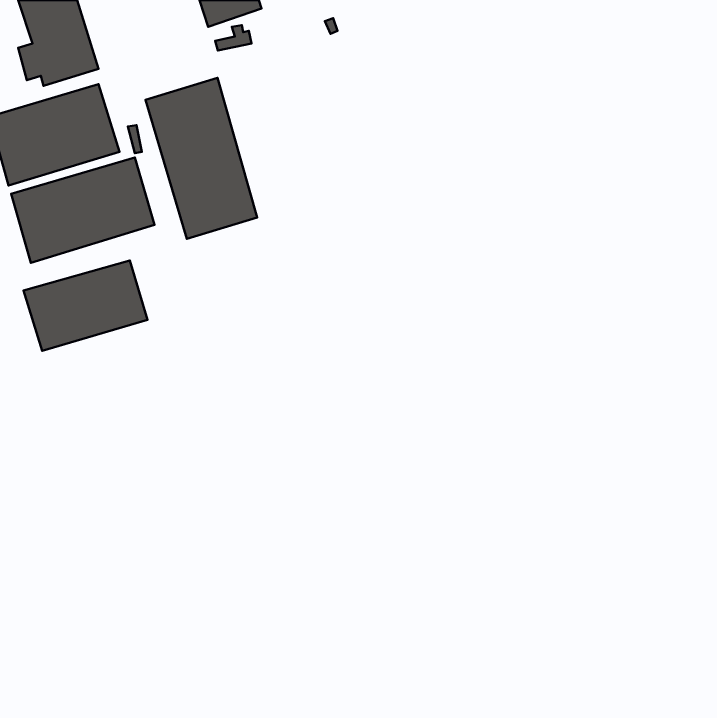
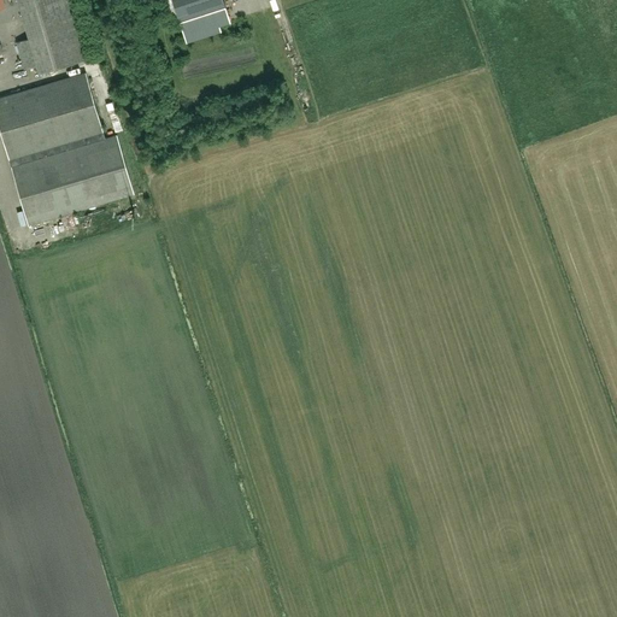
building: [146,78,257,239] -> none
building: [24,260,148,351] -> none

